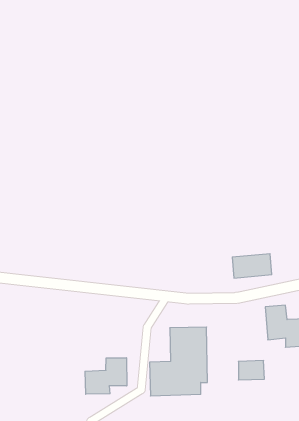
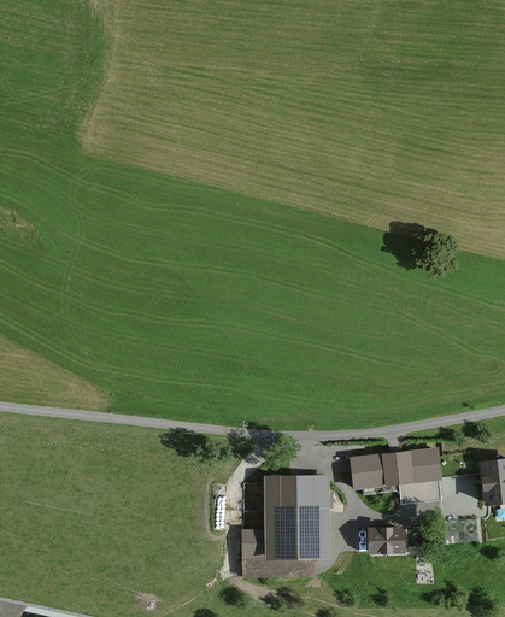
building: [232,254,272,278] -> [341,453,398,488]
building: [85,358,127,394] -> none

